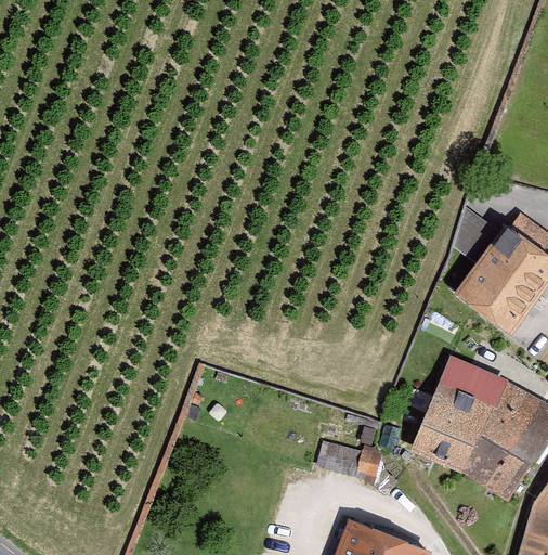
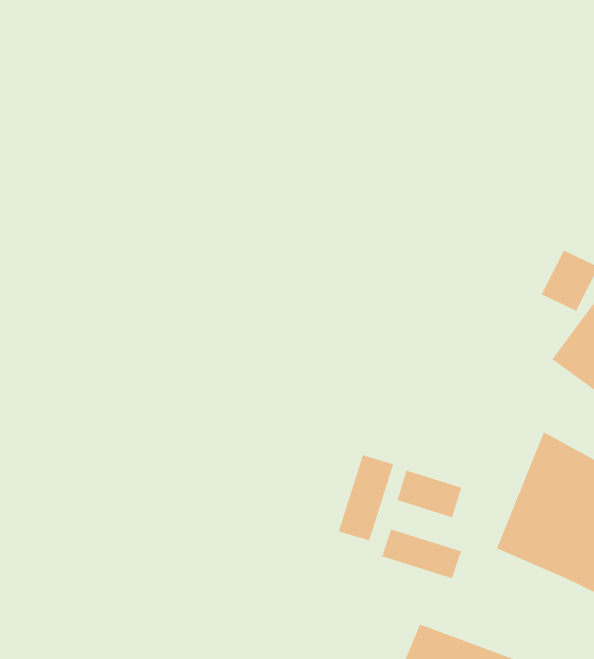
building: none -> [338,455,394,541]
building: none -> [397,470,462,518]

